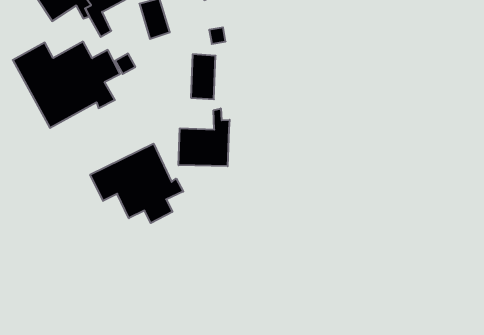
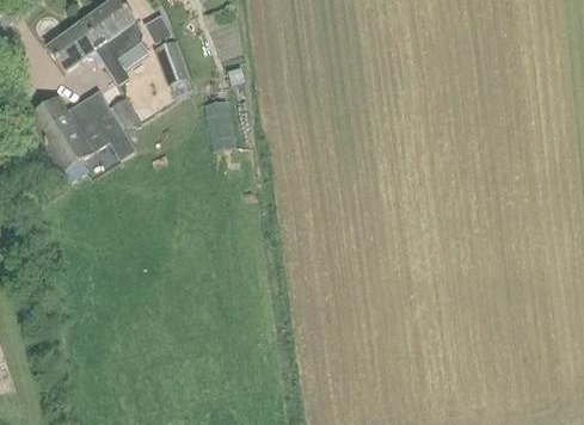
building: [179,108,230,166] -> none
building: [90,144,183,223] -> none

